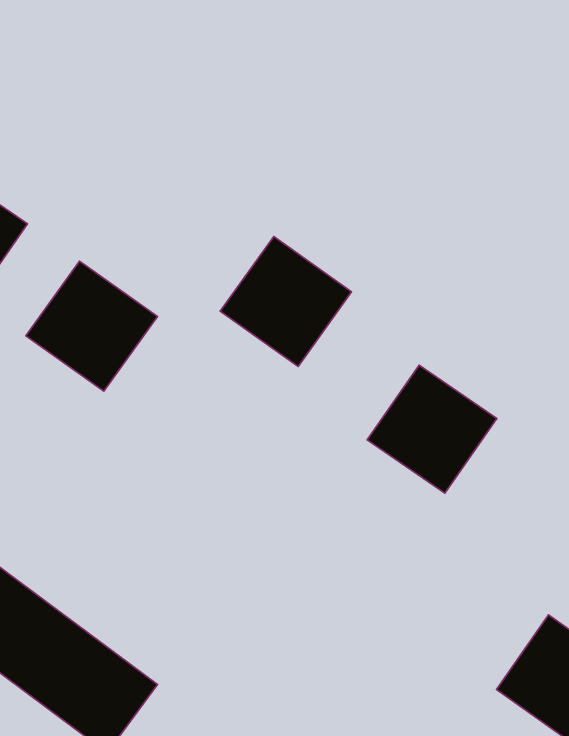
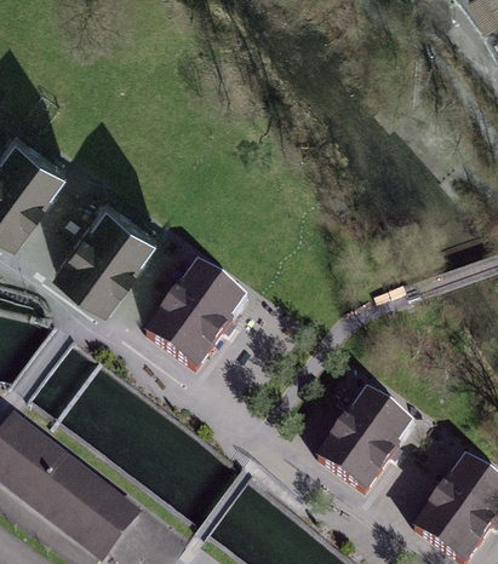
building: [220,237,352,366] -> [142,264,240,361]
building: [367,365,497,493] -> [314,392,411,488]

